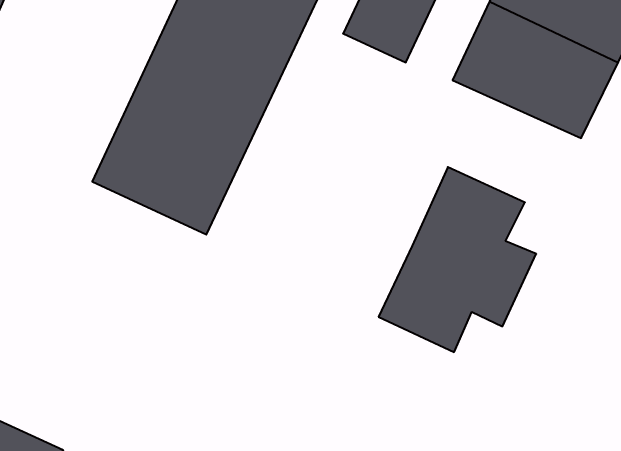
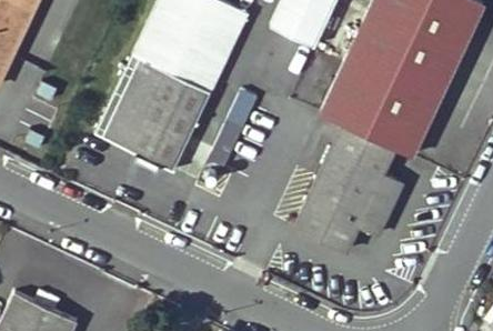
building: none -> [321,66,433,156]

